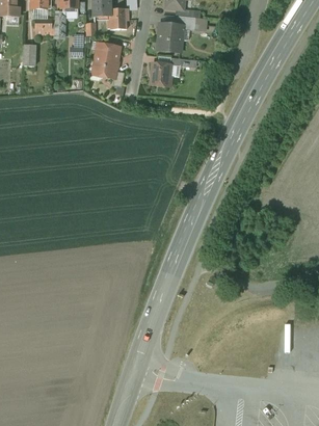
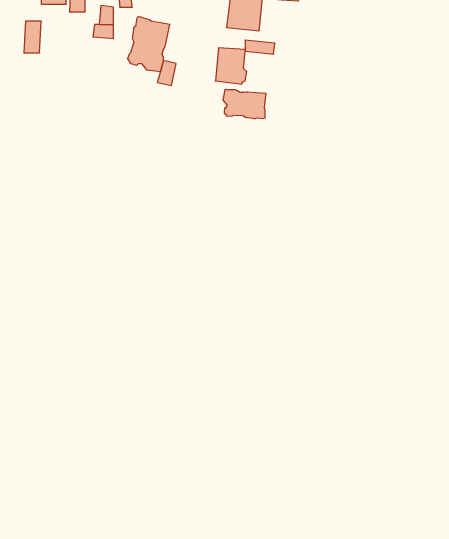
building: none -> [223,89,266,119]

